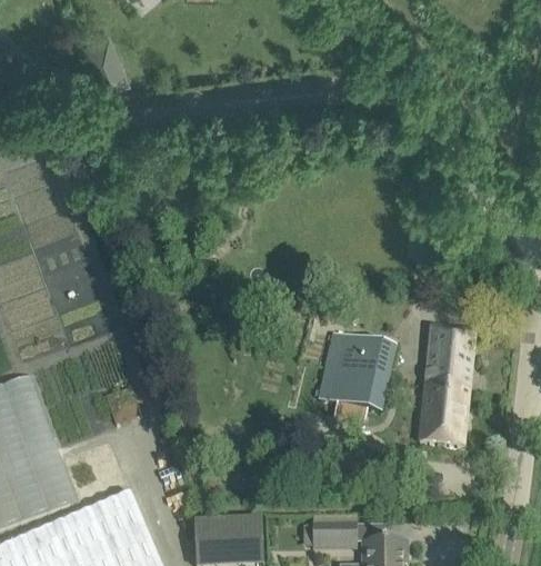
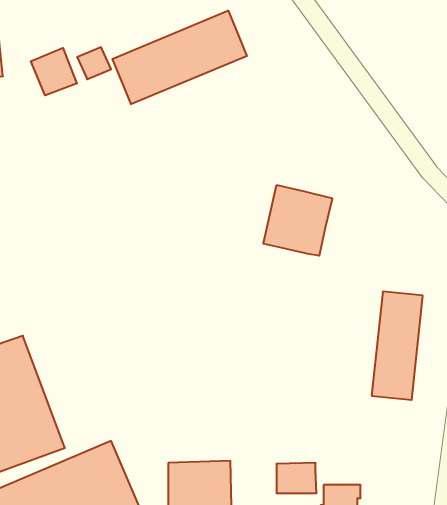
building: none -> [112,11,247,104]
building: none -> [31,48,77,95]
building: [317,332,393,410] -> [263,185,332,256]

